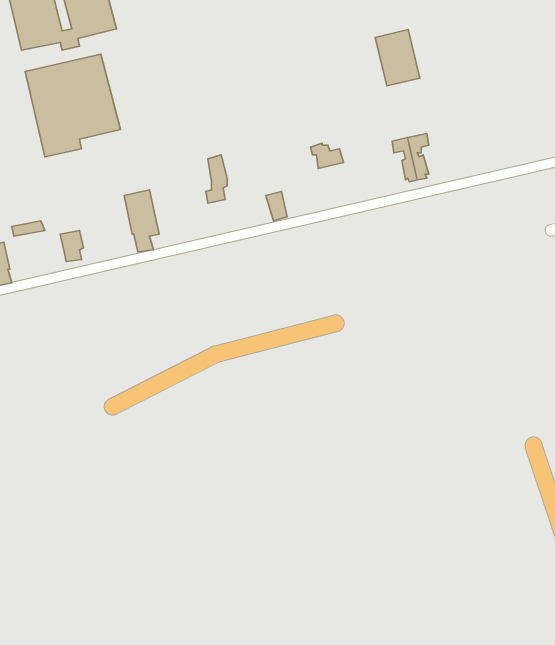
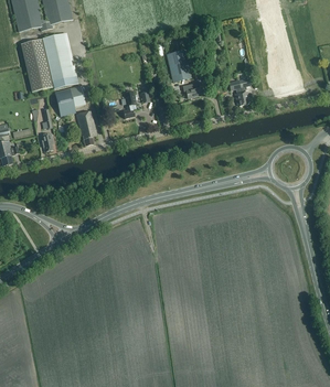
building: [375,30,420,86] -> [167,49,192,80]
building: none -> [55,85,86,115]

